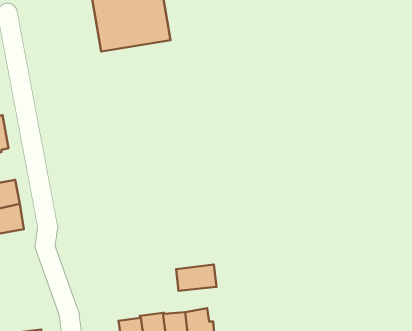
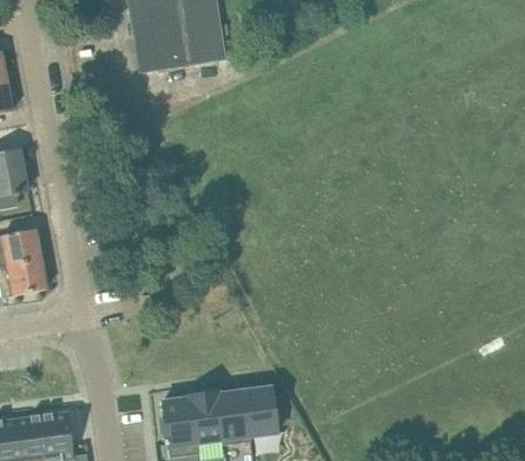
building: [176,264,216,291] -> none

